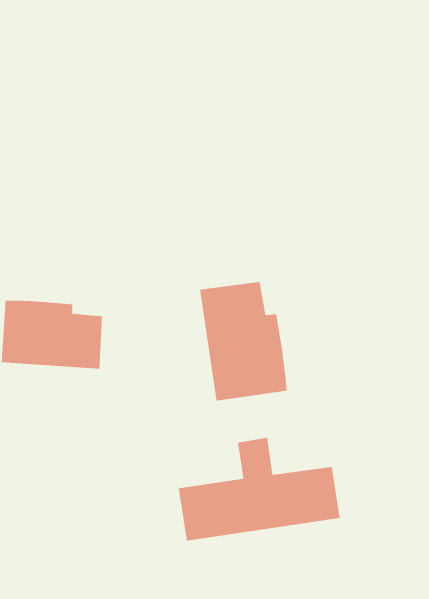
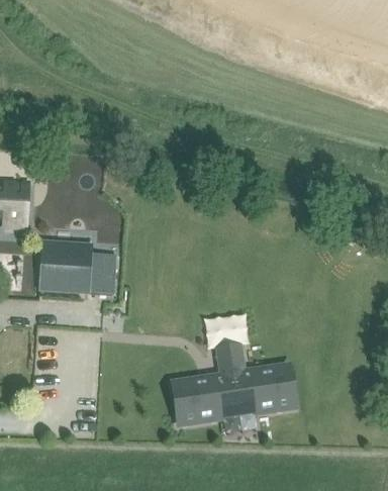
building: [199,281,288,401] -> none

